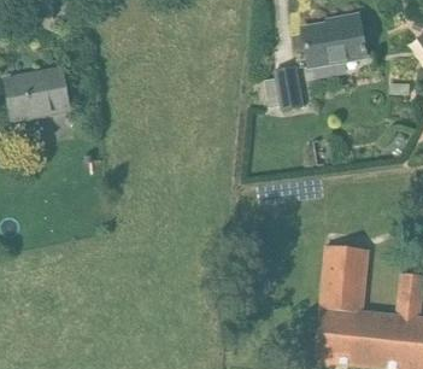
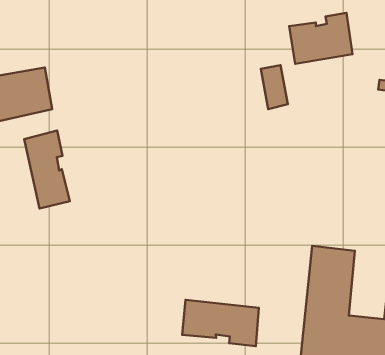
building: none -> [24,131,70,208]
building: none -> [182,300,259,346]

